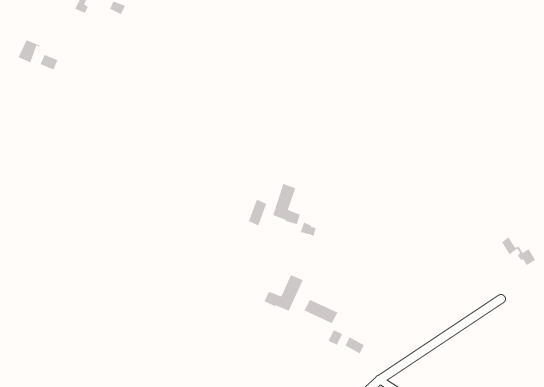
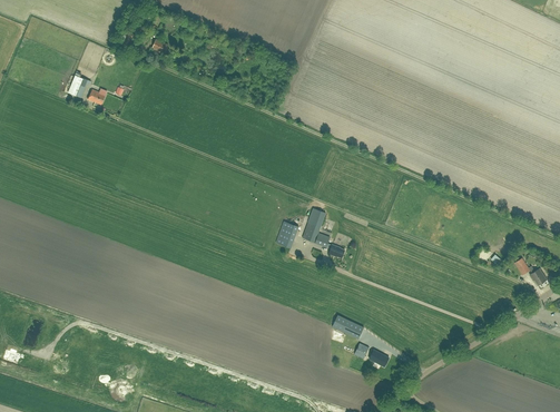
building: [264,274,304,312] -> none

